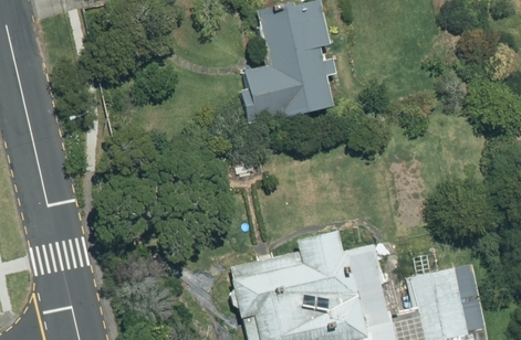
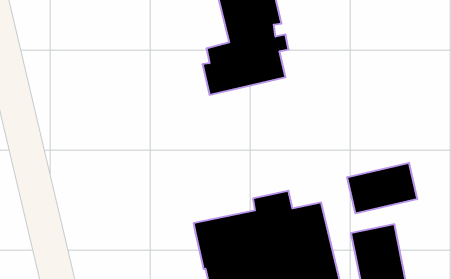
building: none -> [347,163,417,213]

